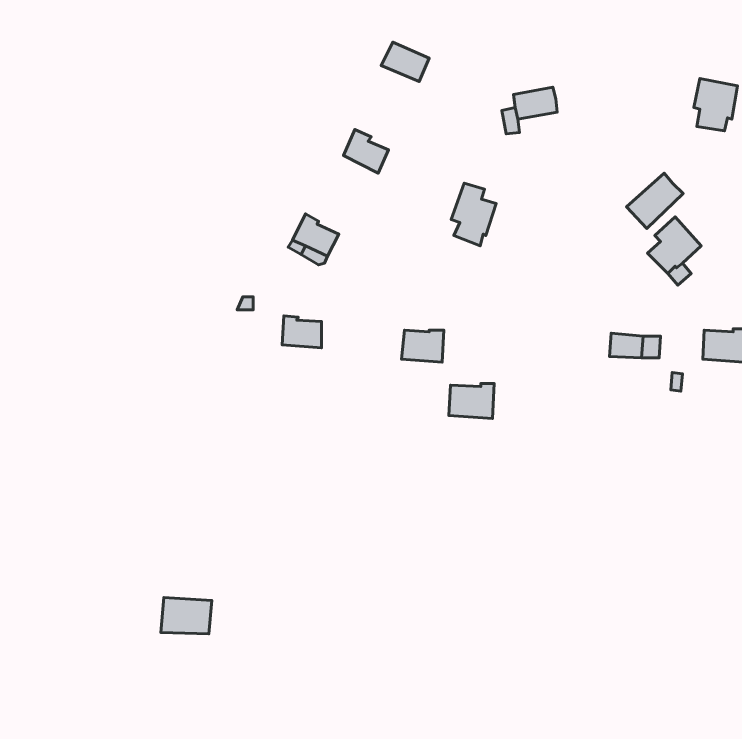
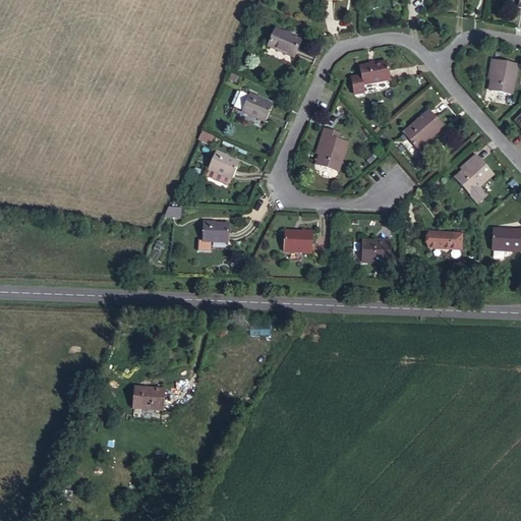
building: [626,173,683,229] -> [402,106,442,144]
building: [449,384,494,419] -> [356,238,388,263]
building: [161,597,212,634] -> [134,380,170,405]

